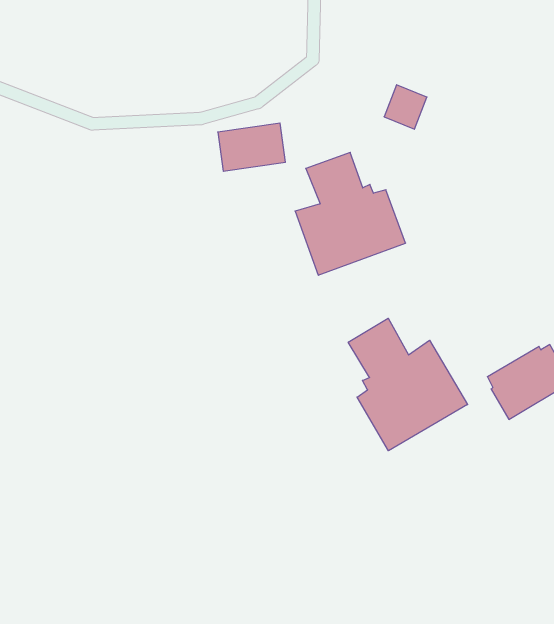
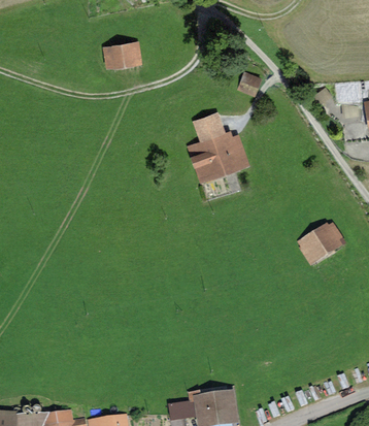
building: [218,123,285,171] -> [102,40,141,68]
building: [348,318,468,451] -> none

